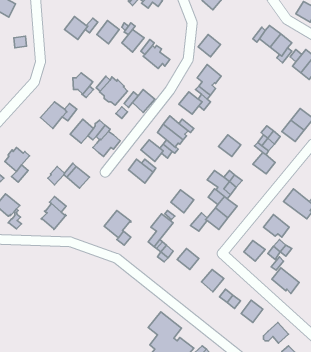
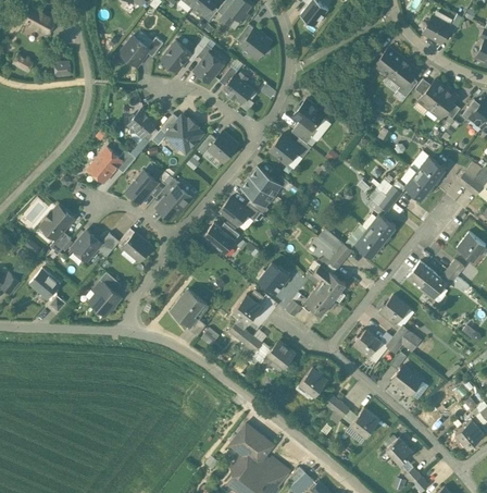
building: [198,34,221,57] -> [241,29,271,59]
building: [219,135,241,157] -> [354,230,384,258]
building: none -> [72,231,102,260]

